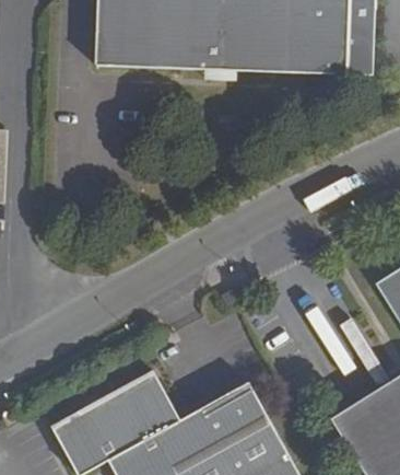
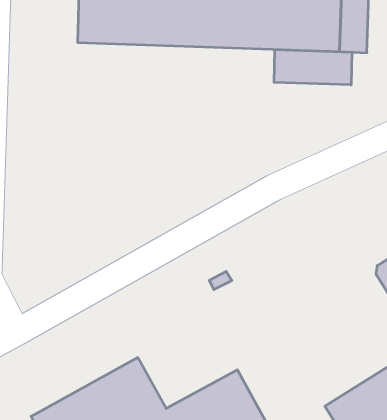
building: none -> [274,50,352,85]

